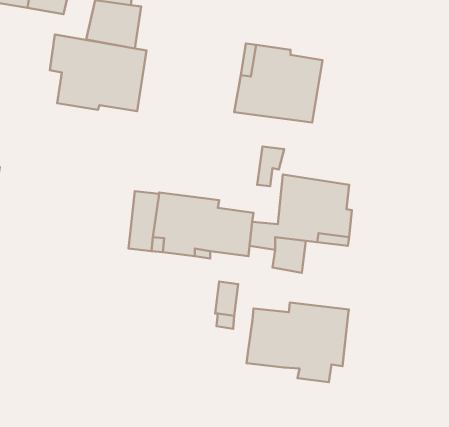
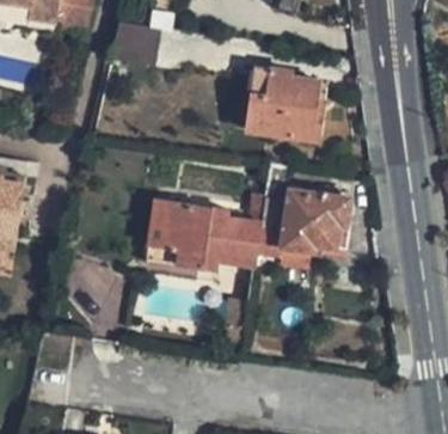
building: [50,34,146,111] -> none
building: [247,302,349,382] -> none

